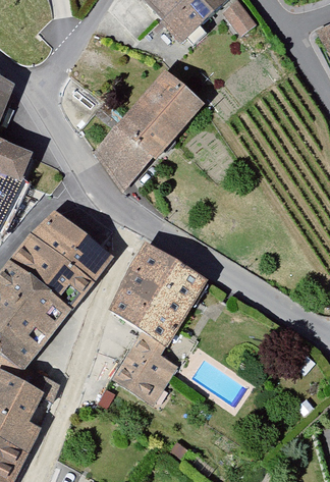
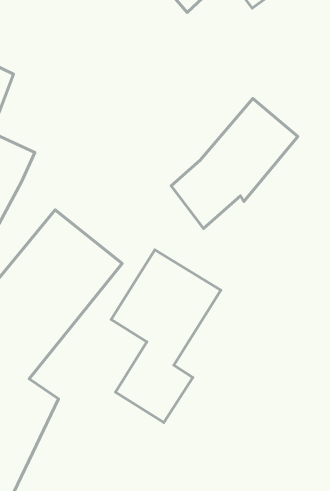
building: [84,62,199,180] -> [171,99,298,228]

